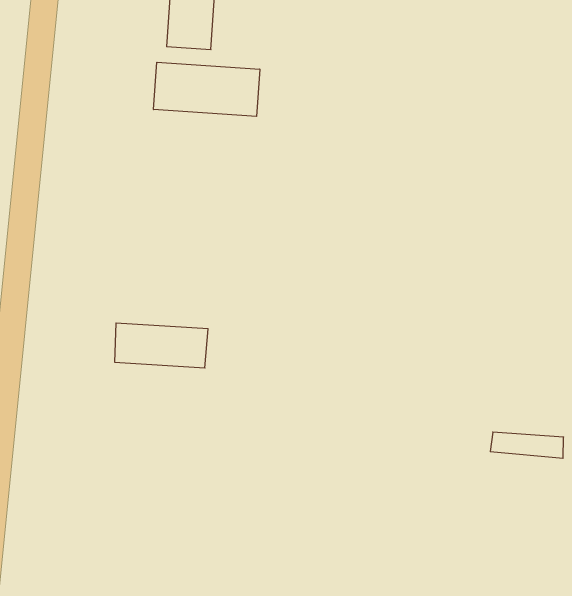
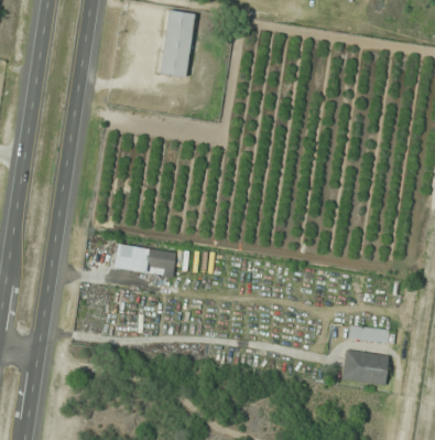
building: [154,62,260,116] -> none
building: none -> [340,350,388,386]

